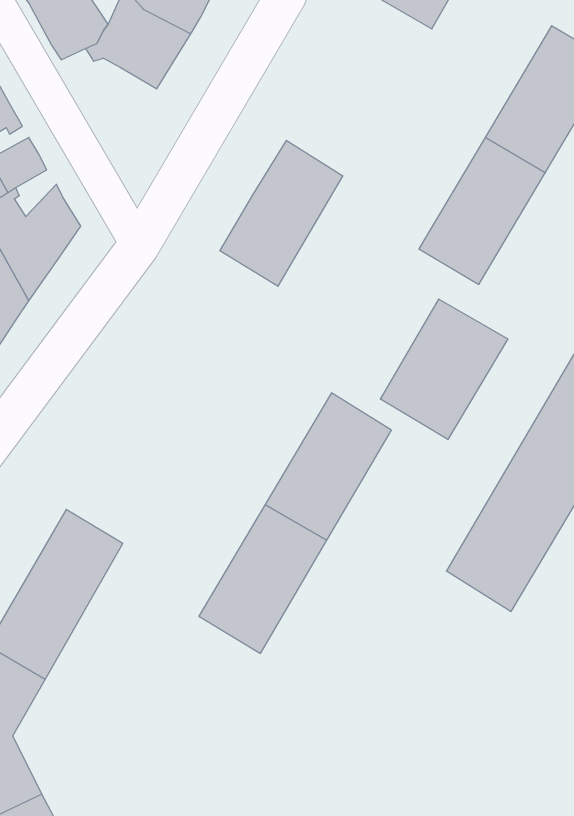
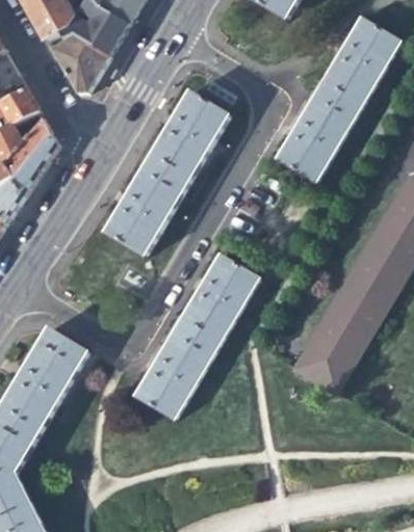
building: none -> [51,37,108,92]
building: none -> [105,161,186,256]
building: [380,299,508,440] -> none

